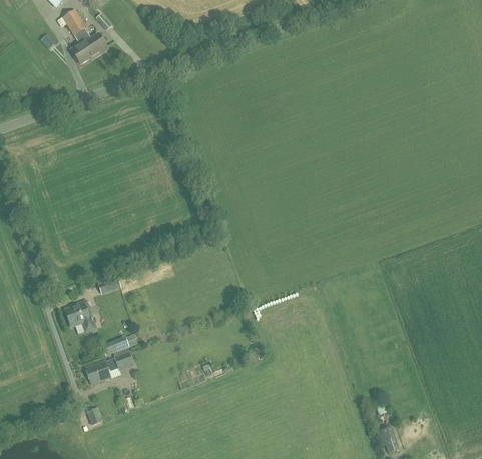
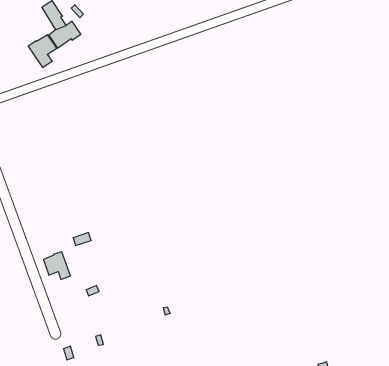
building: none -> [28,35,57,68]
building: [85,350,133,383] -> none

